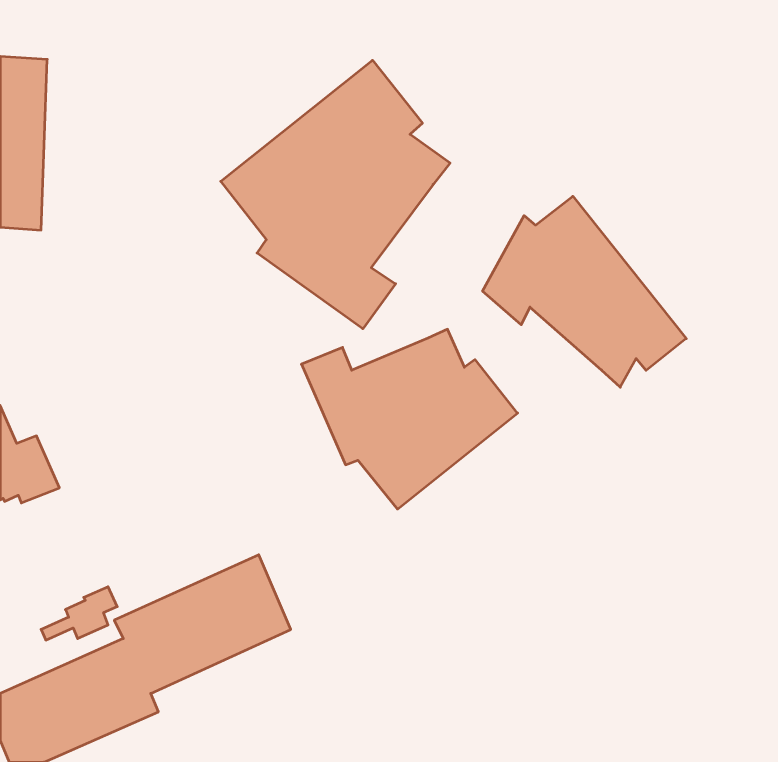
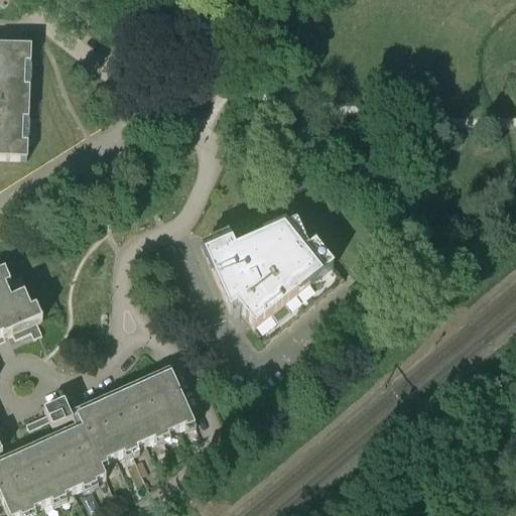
building: [221,60,450,329] -> none
building: [483,196,686,387] -> none

